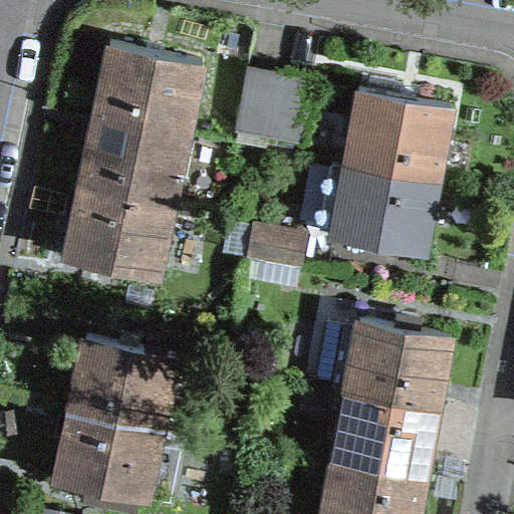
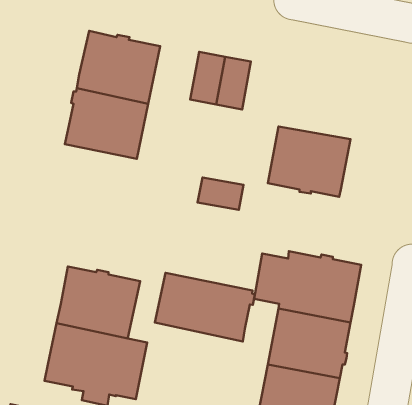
building: [343,94,450,185] -> none
building: [66,190,170,279] -> none
building: none -> [155,273,255,341]

